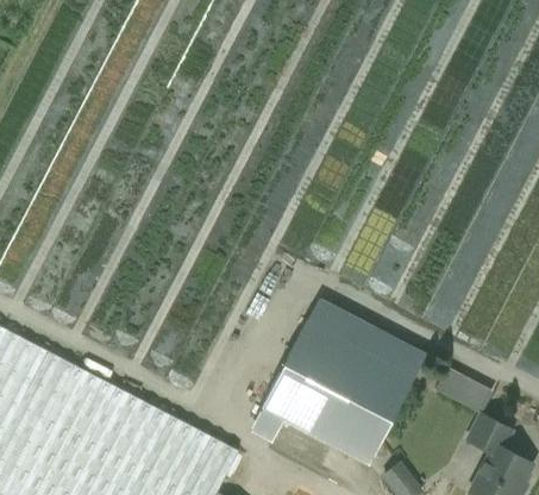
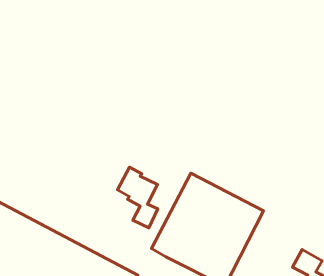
building: none -> [118,167,158,228]
building: [432,364,493,413] -> none

